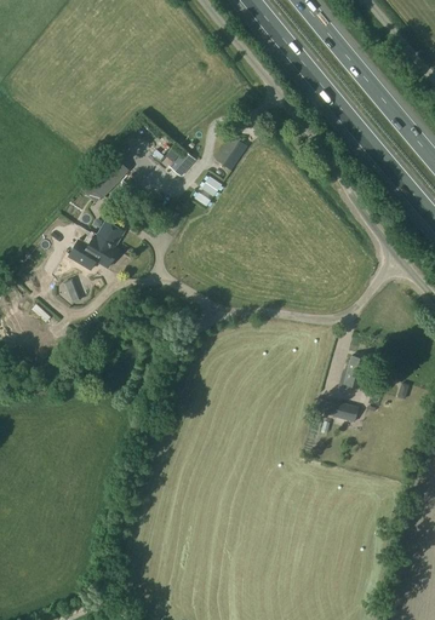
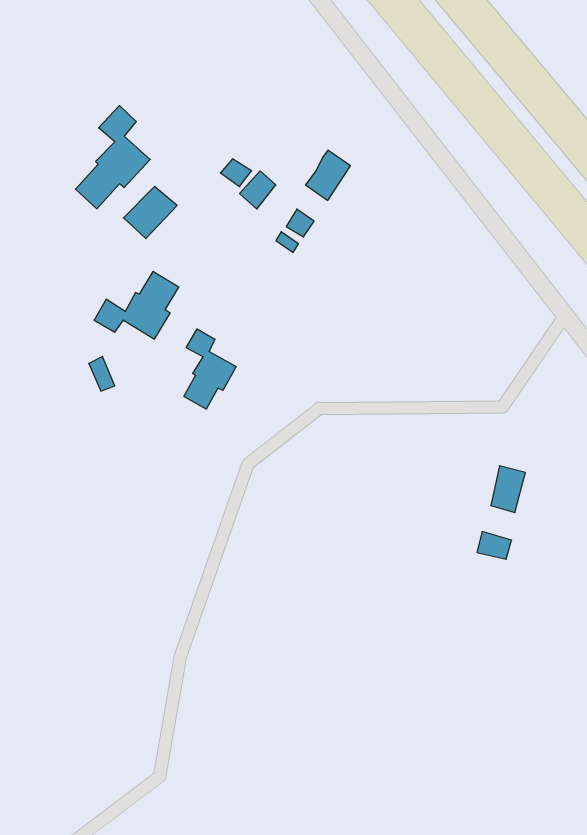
building: none -> [75,106,150,209]
building: none -> [184,329,236,409]

